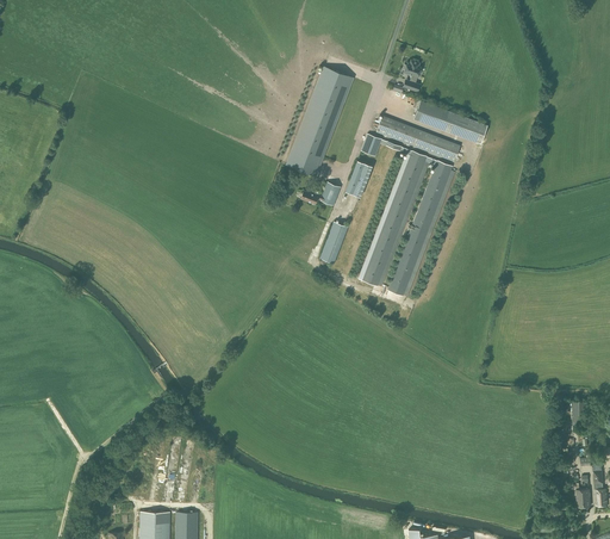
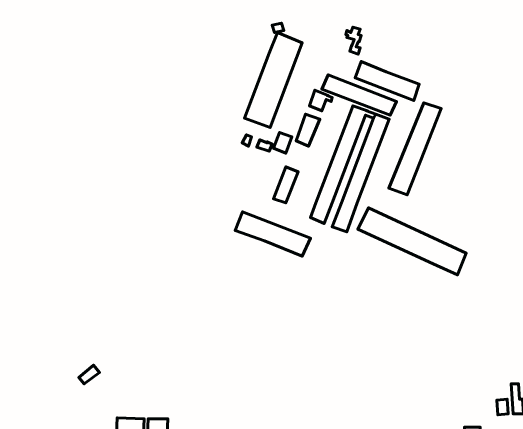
building: none -> [389,103,441,195]
building: none -> [358,208,466,275]
building: none -> [235,212,311,256]

